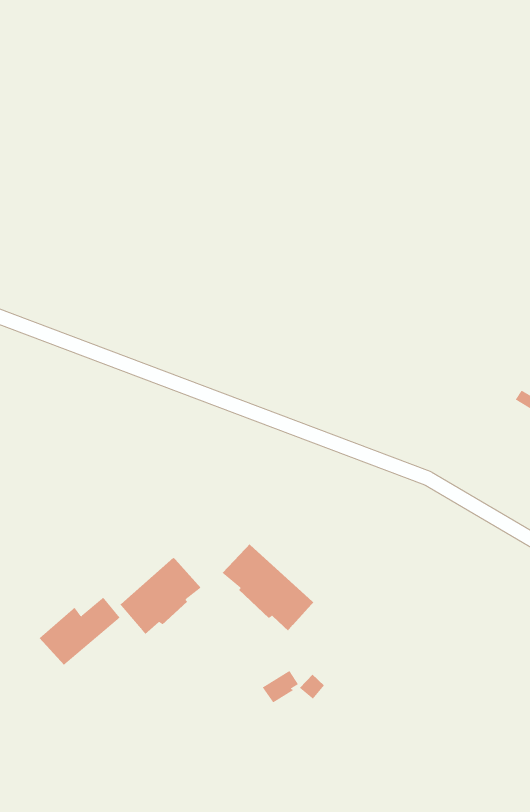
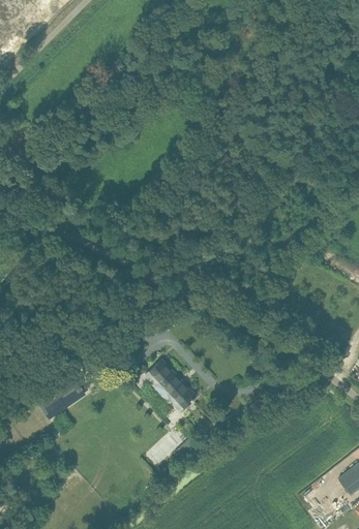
building: [119,556,201,635] -> none

